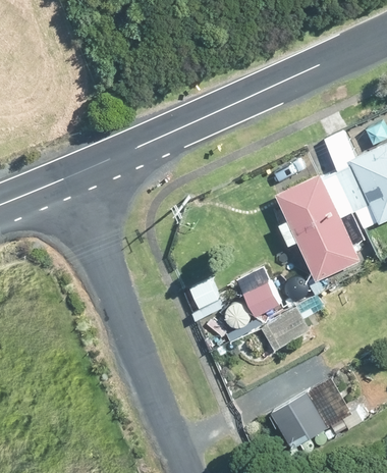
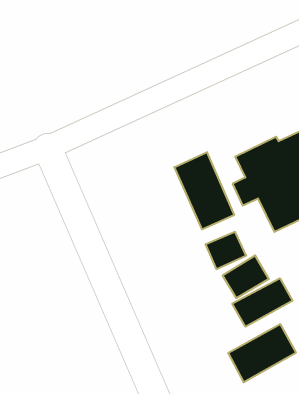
building: none -> [174,152,234,229]
building: none -> [232,278,292,327]

